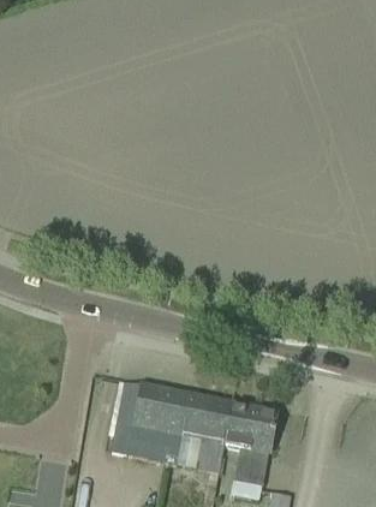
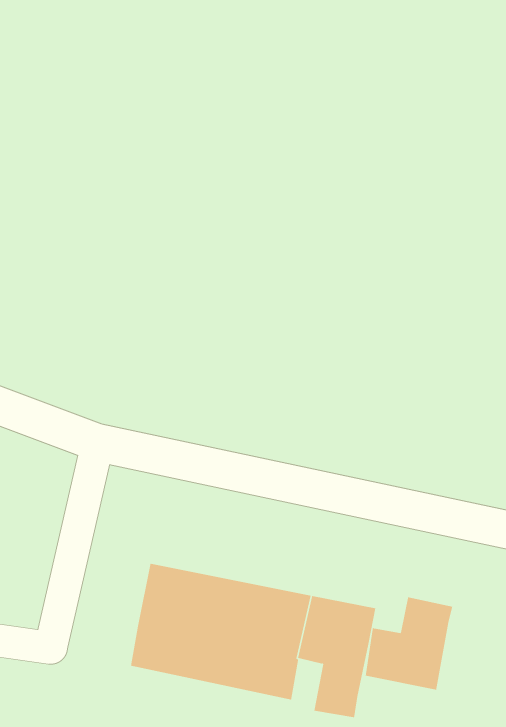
building: none -> [365,597,453,690]

